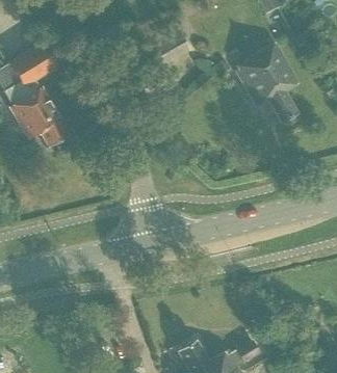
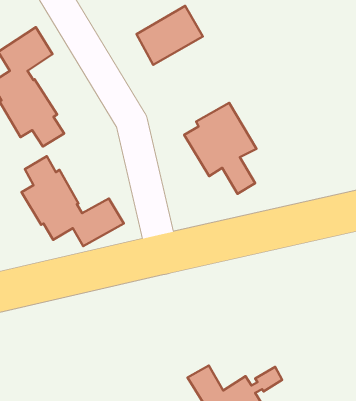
building: [236,44,300,124] -> [184,103,256,194]
building: none -> [22,156,124,246]

